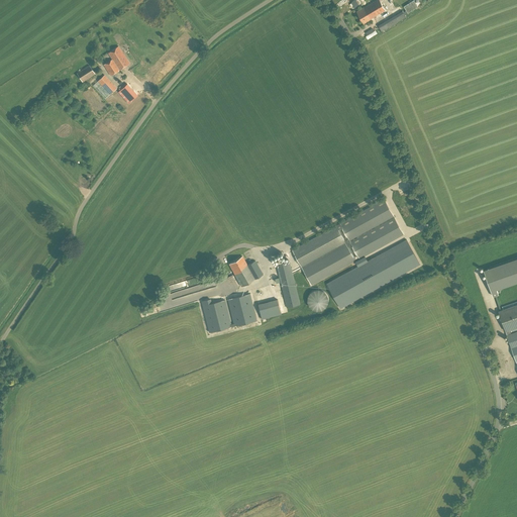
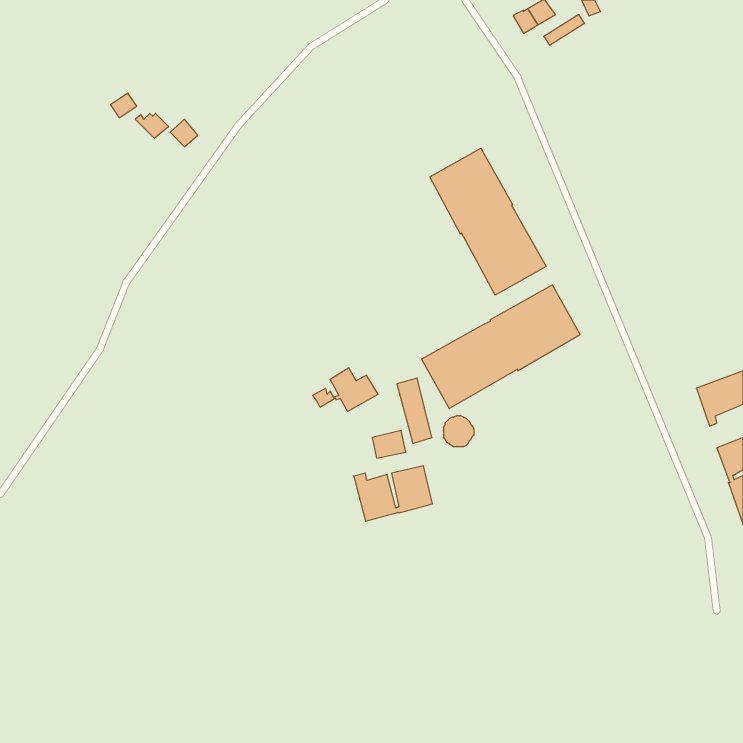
building: [104,45,129,76] -> none
building: none -> [430,148,546,295]
building: [327,238,420,307] -> none
building: [202,294,256,332] -> [354,466,432,521]

